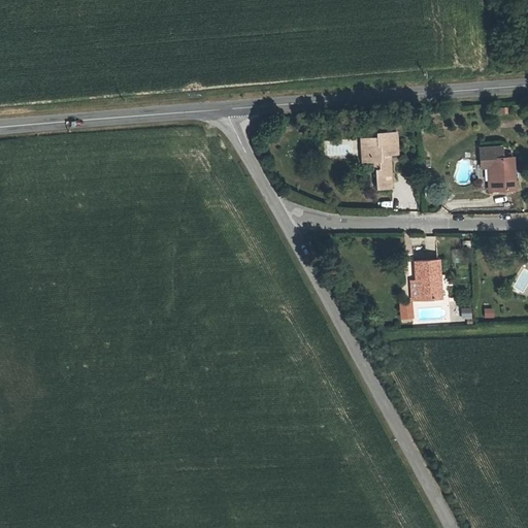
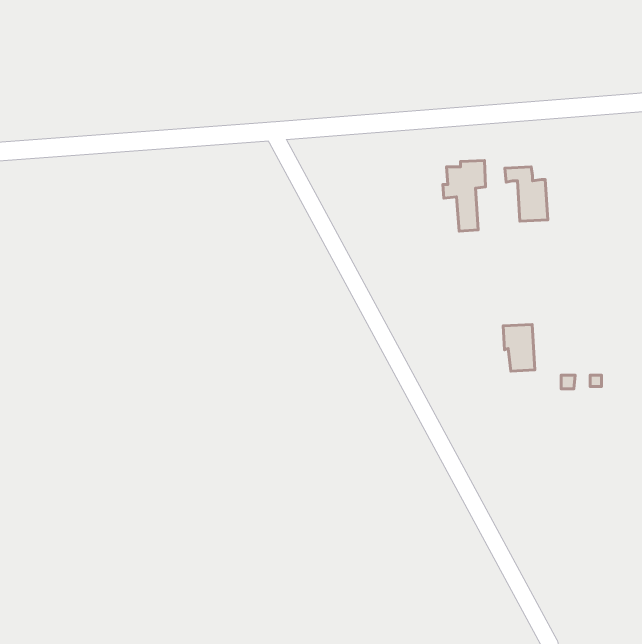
building: [482,146,517,191] -> [505,167,548,221]

